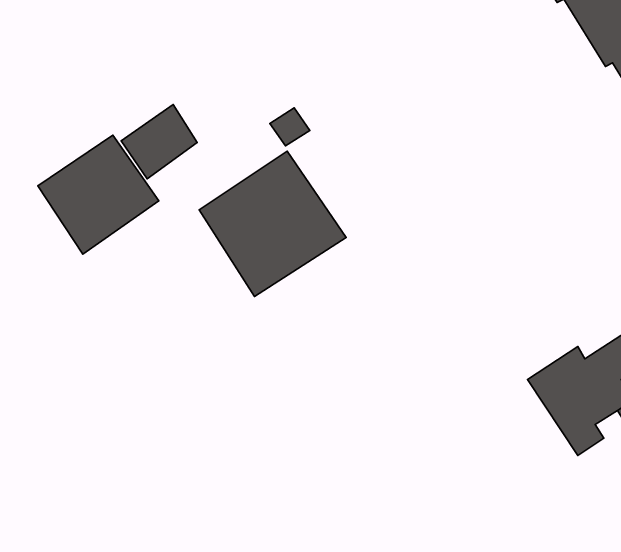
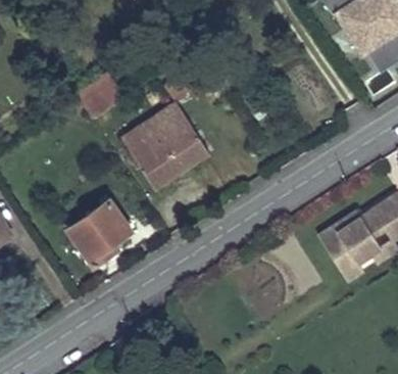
building: [38,135,159,254] -> none
building: none -> [67,198,132,265]

